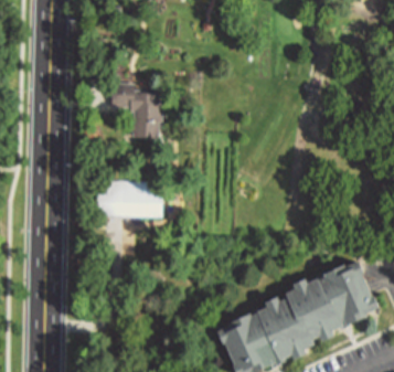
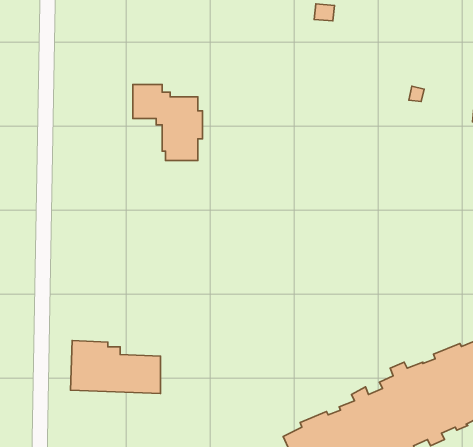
building: [97,179,161,216] -> [70,341,160,393]

